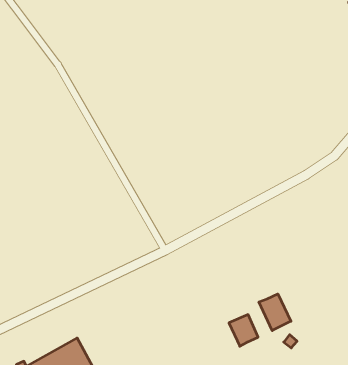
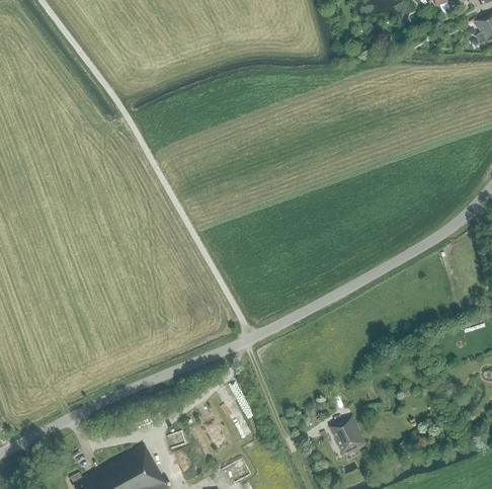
building: [259,294,291,331] -> none

